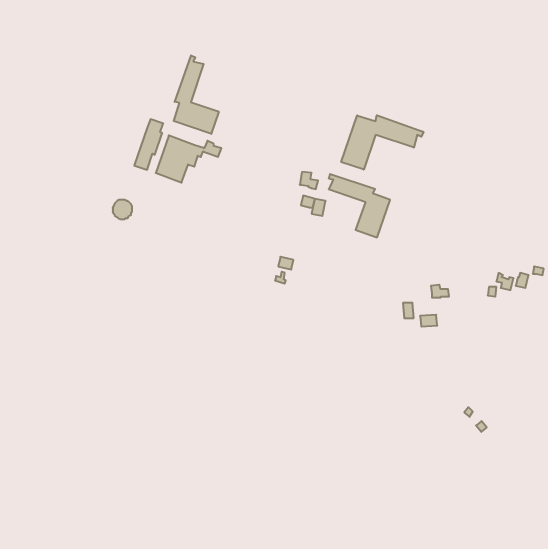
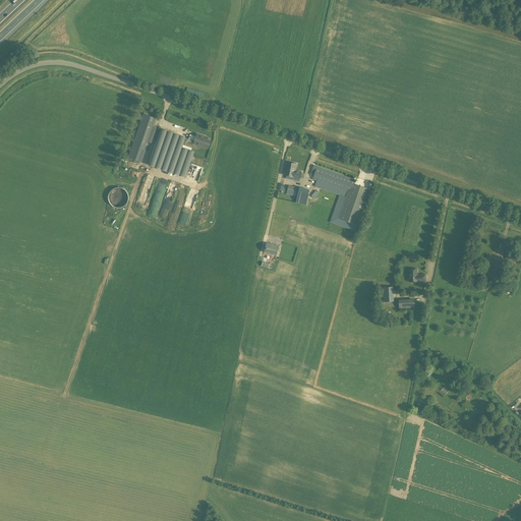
building: [174,55,219,134] -> none
building: [341,115,423,170] -> none

